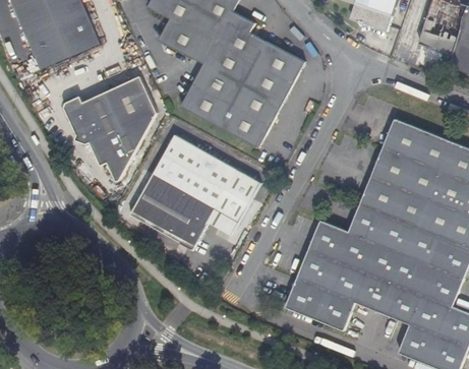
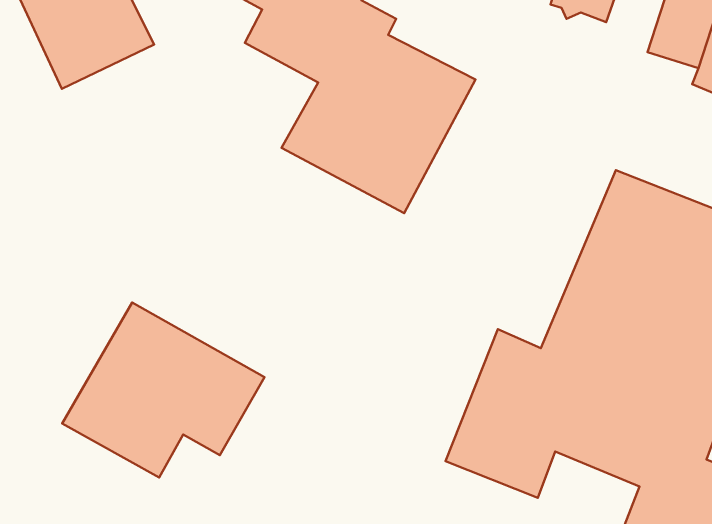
building: [64,76,160,180] -> none
building: [135,130,265,242] -> [62,302,264,477]

